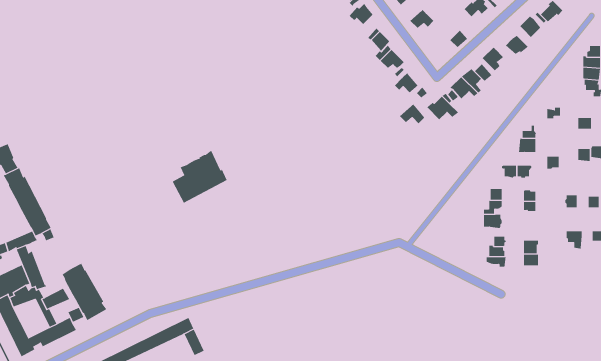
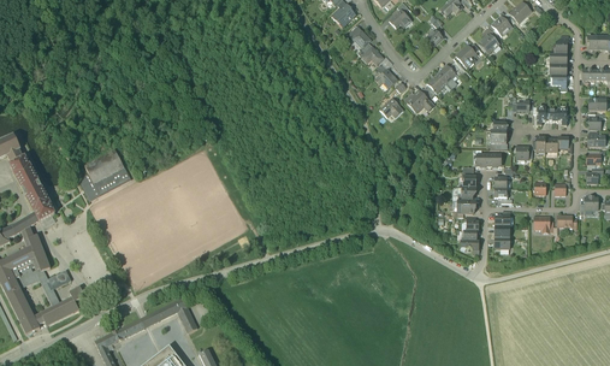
building: [172,151,227,203] -> [78,150,130,200]
building: [62,262,107,321] -> none

